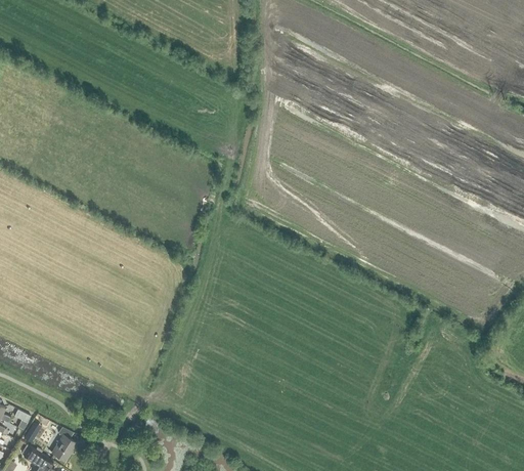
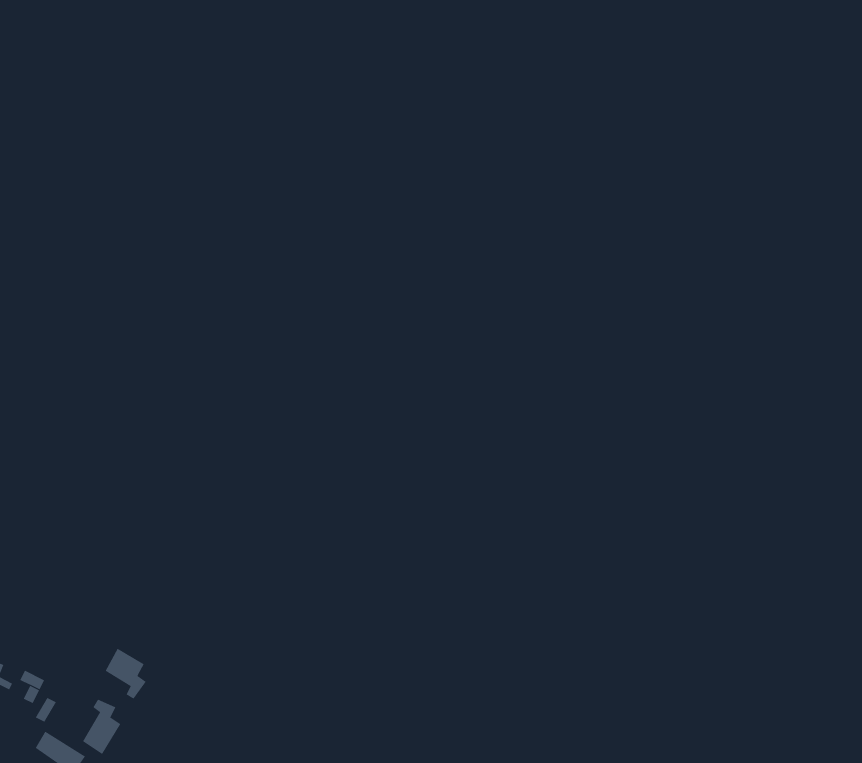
building: none -> [105,648,146,699]

